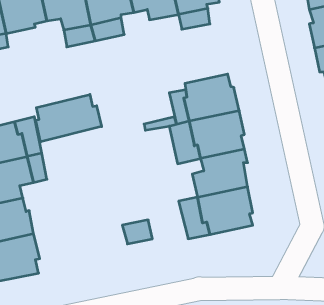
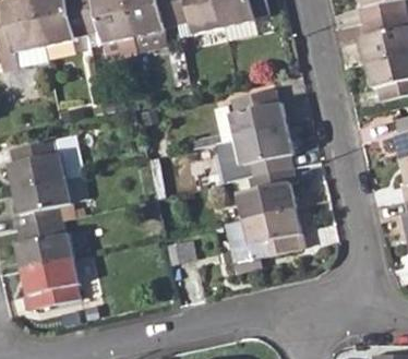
building: [35,94,102,142] -> none

